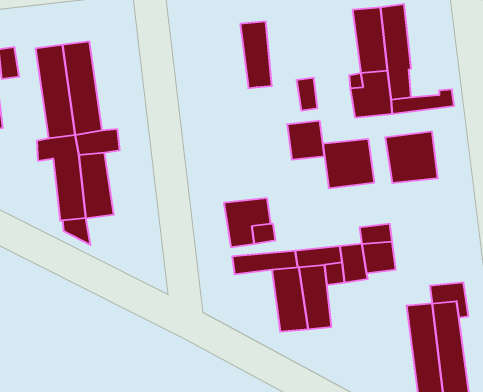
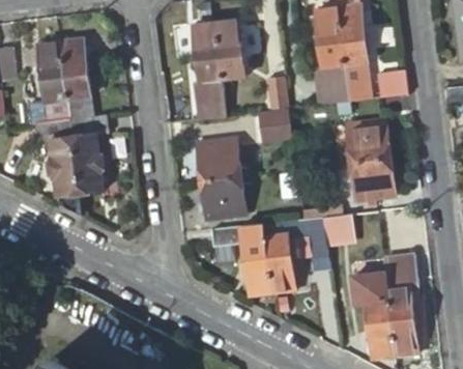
building: none -> [192,23,226,117]
building: [323,139,374,188] -> [350,160,396,203]
building: none -> [196,139,239,181]

